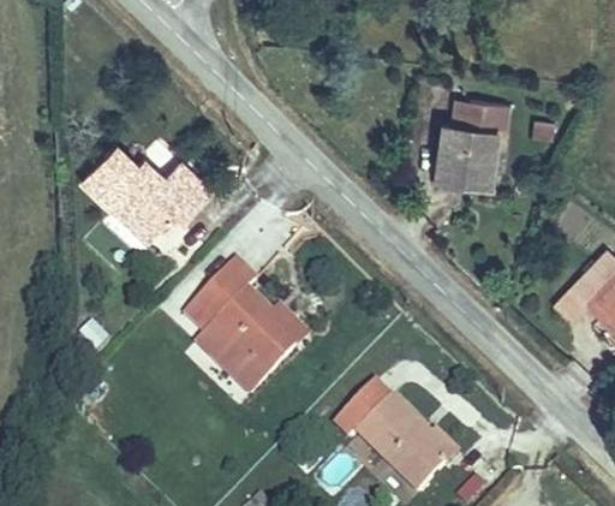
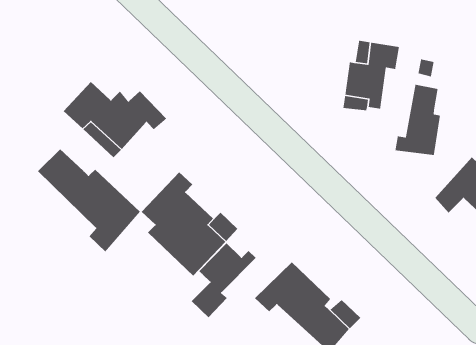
building: none -> [394,84,441,156]
building: none -> [37,149,141,253]
building: none -> [191,243,256,318]

